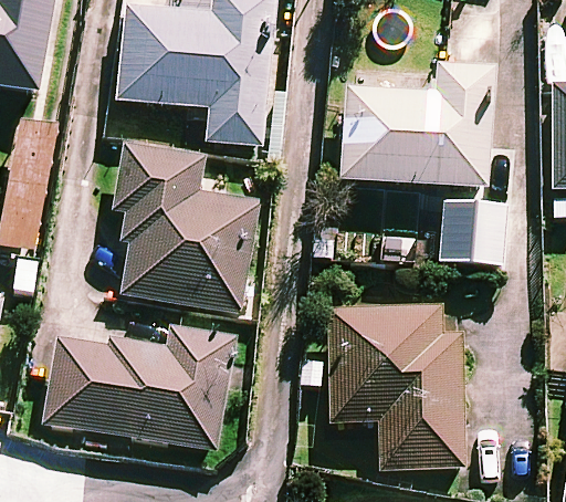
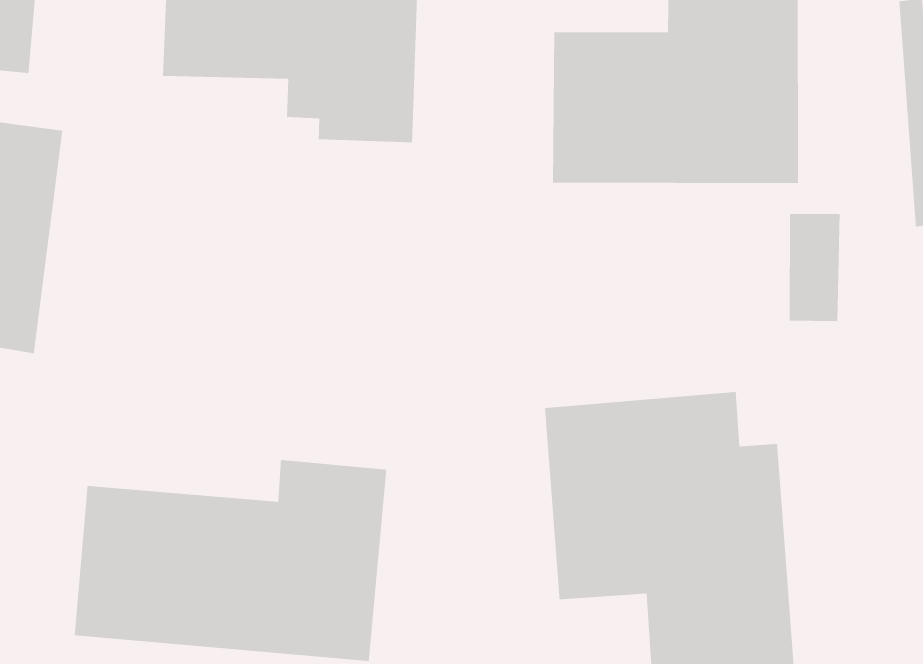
building: [113,145,258,312] -> none

